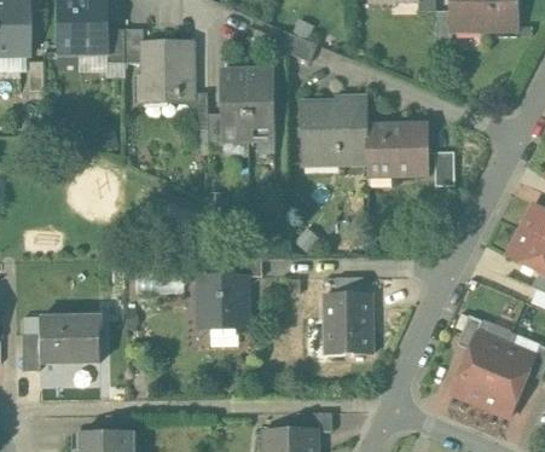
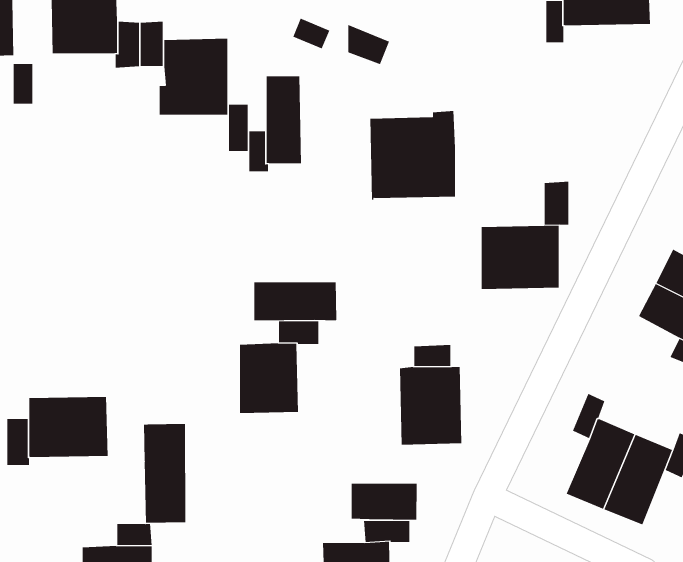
building: [248,70,276,138] -> none
building: [367,124,428,174] -> [481,225,559,290]
building: none -> [254,281,337,321]
building: none -> [144,423,186,524]
building: none -> [351,483,417,521]

